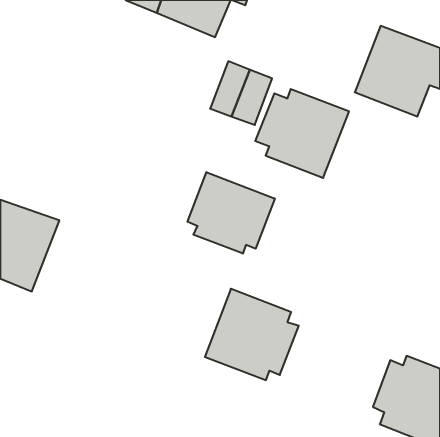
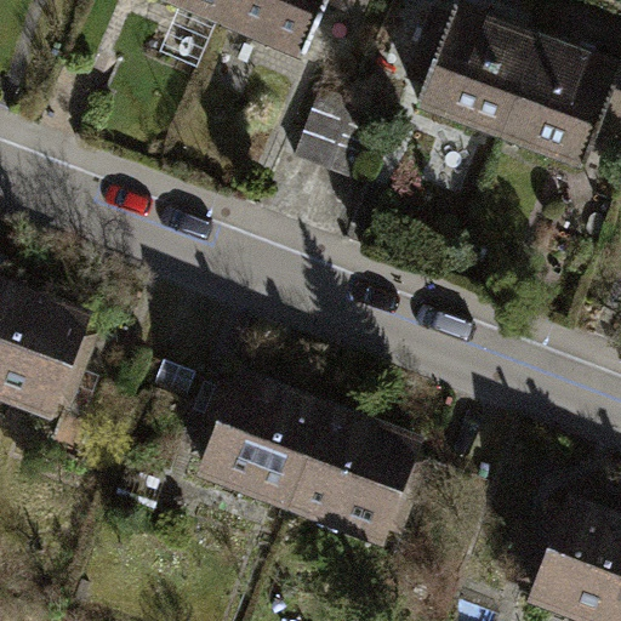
building: [255,89,349,178] -> [404,10,536,135]
building: [188,172,275,254] -> none
building: none -> [205,378,325,507]

